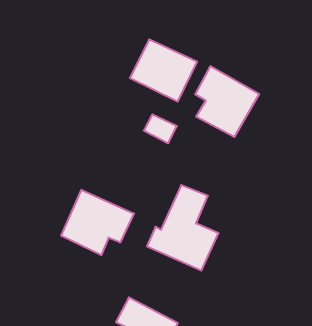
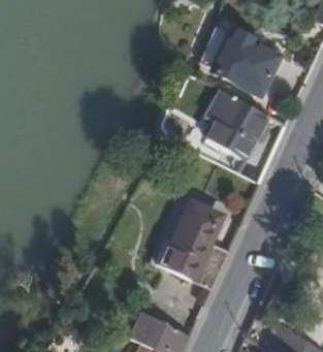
building: [130,39,197,101] -> [214,32,279,92]
building: [61,190,134,255] -> none

